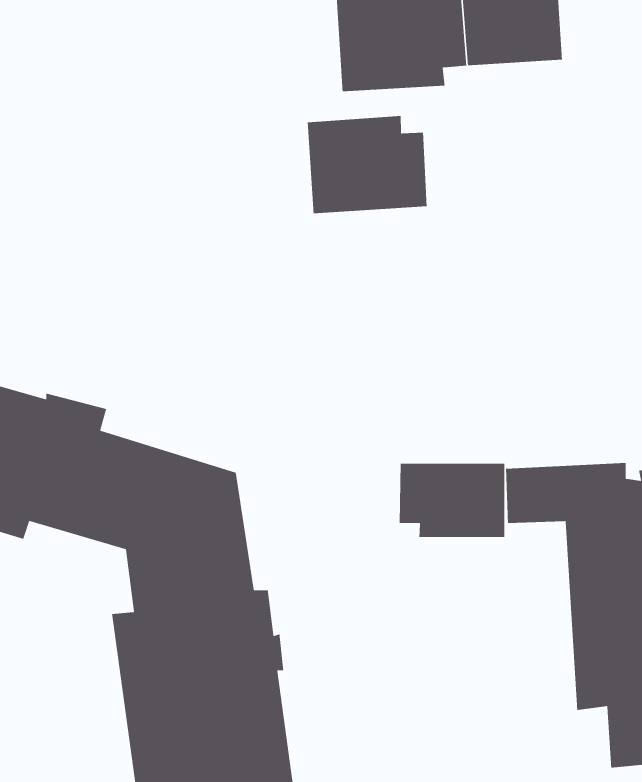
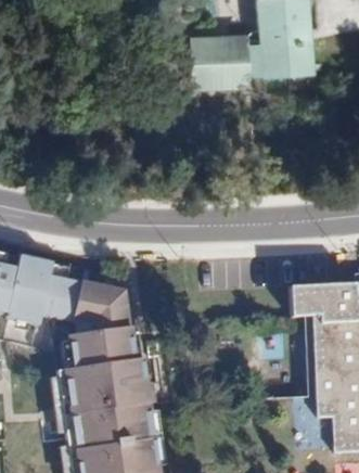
building: [307,115,428,214] -> none
building: [399,463,505,538] -> none

